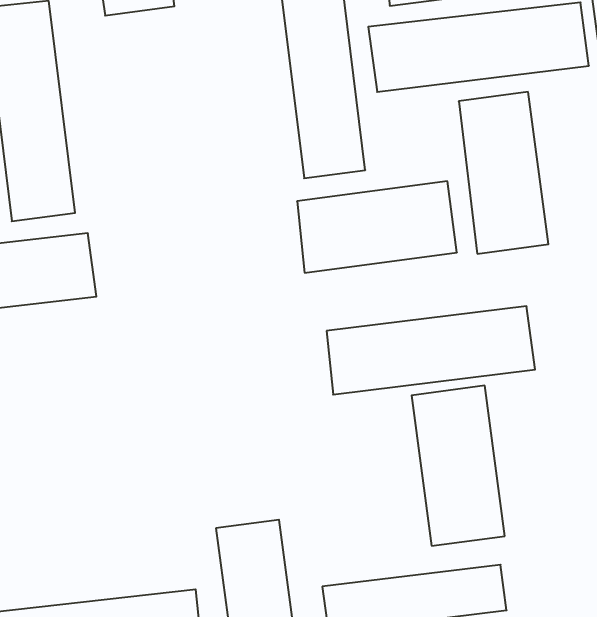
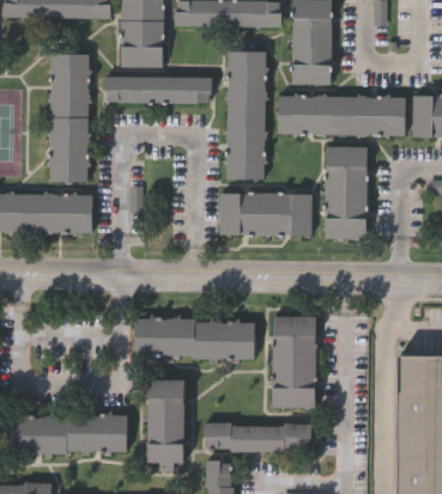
building: none -> [105,77,211,103]
building: [327,306,535,395] -> [134,321,256,360]

